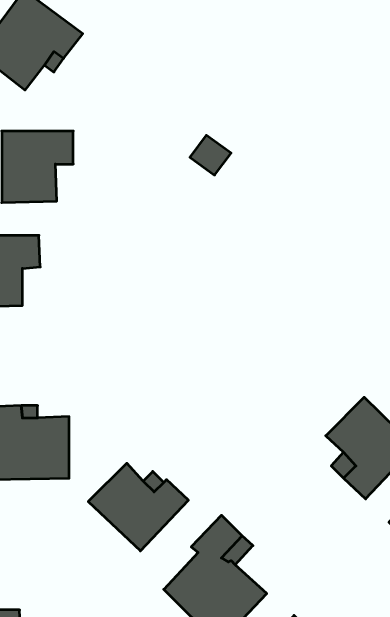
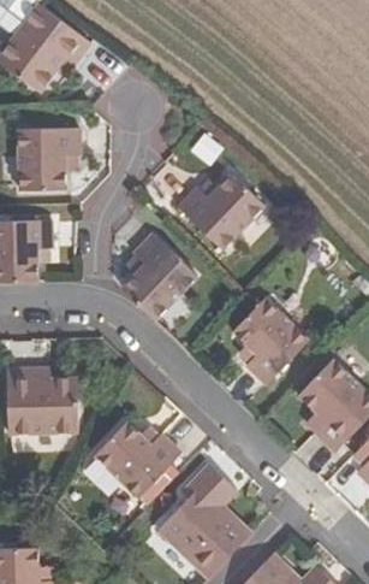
building: none -> [175,172,263,248]
building: none -> [119,231,195,318]
building: none -> [231,296,306,381]

